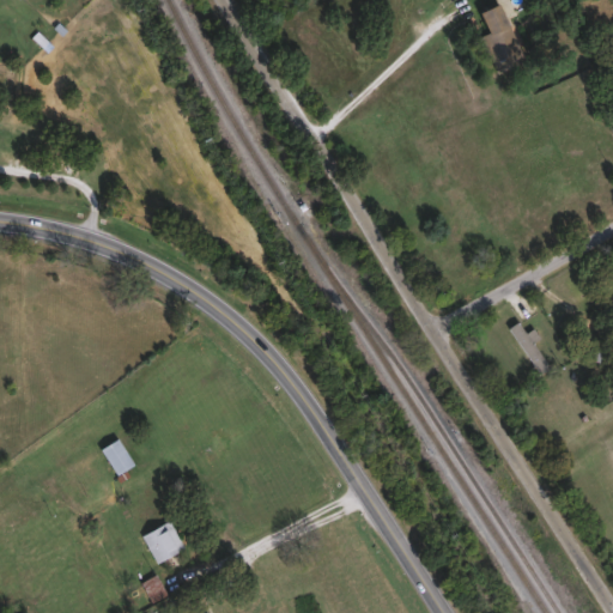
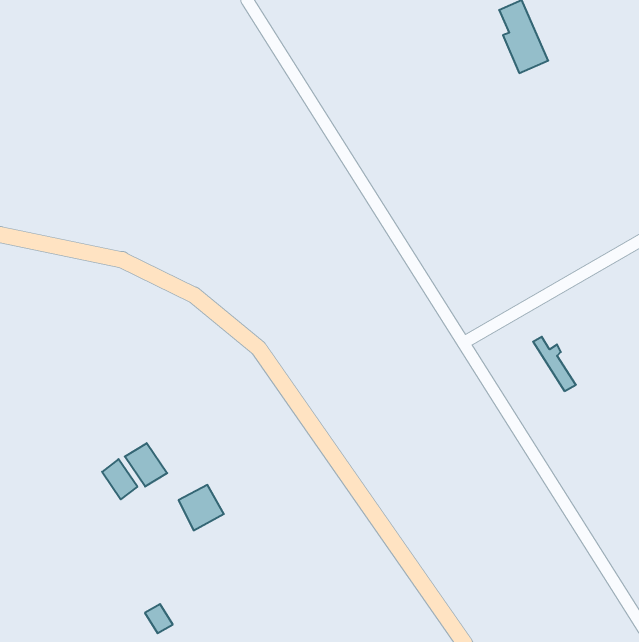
building: none -> [125,443,167,487]
building: [144,521,187,564] -> [179,485,224,530]

